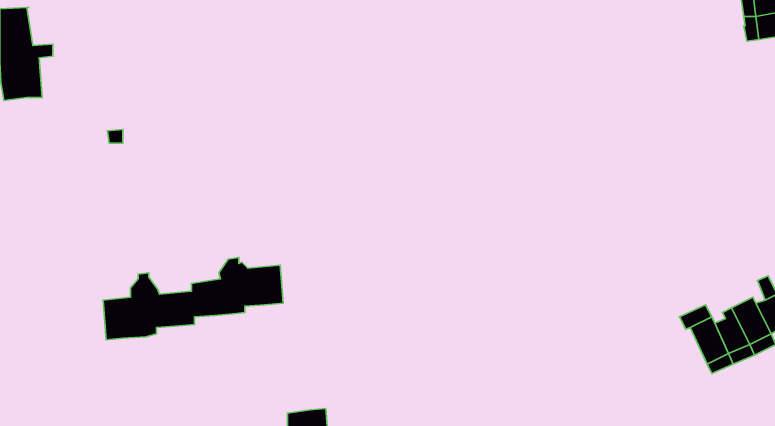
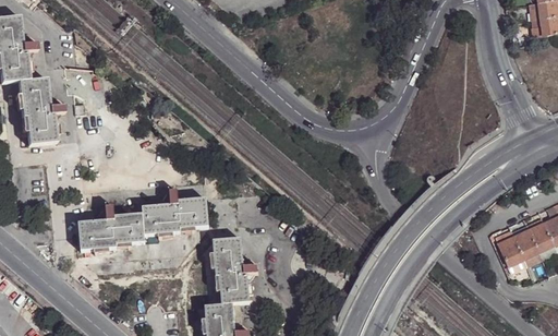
building: none -> [20,74,65,142]
building: none -> [213,236,258,301]

